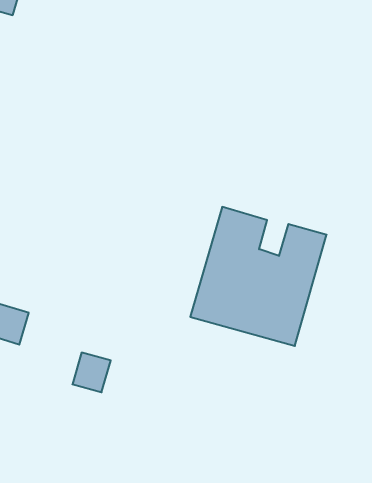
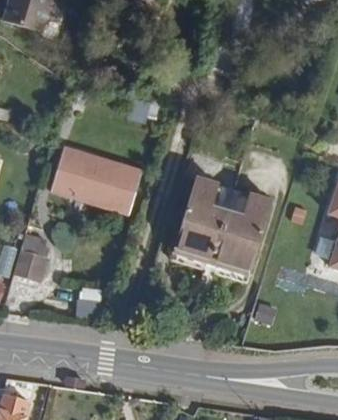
building: none -> [52,150,137,211]

